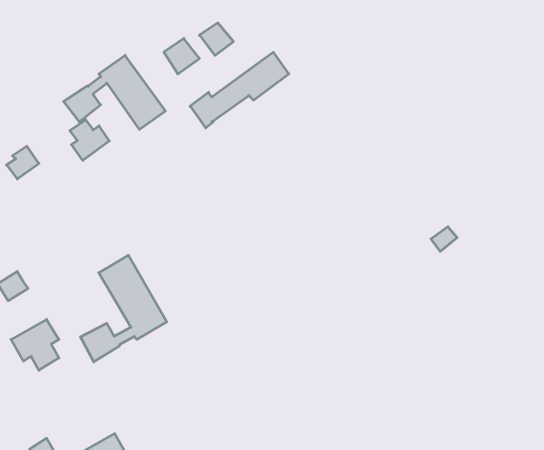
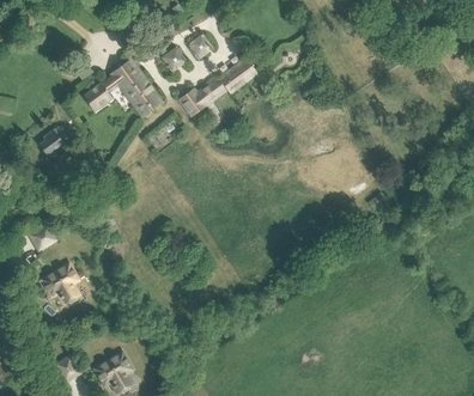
building: [70,120,109,160] -> none
building: [80,255,167,362] -> none

